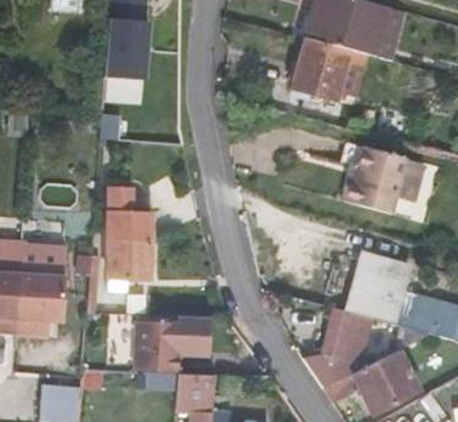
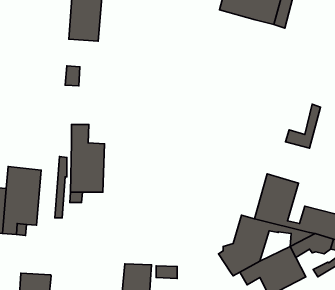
building: [291,36,351,101] -> none
building: [336,144,400,212] -> none
building: [136,313,212,372] -> none

